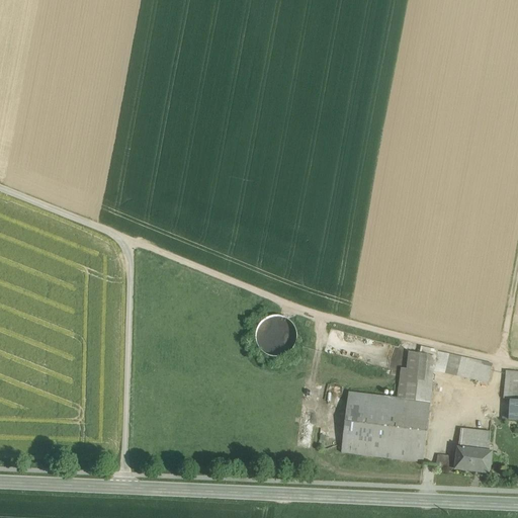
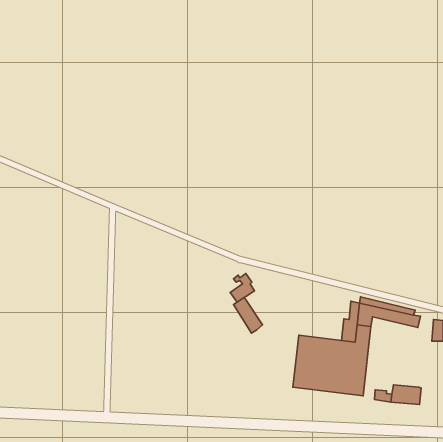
building: none -> [233,298,262,333]
building: [458,428,490,451] -> none

